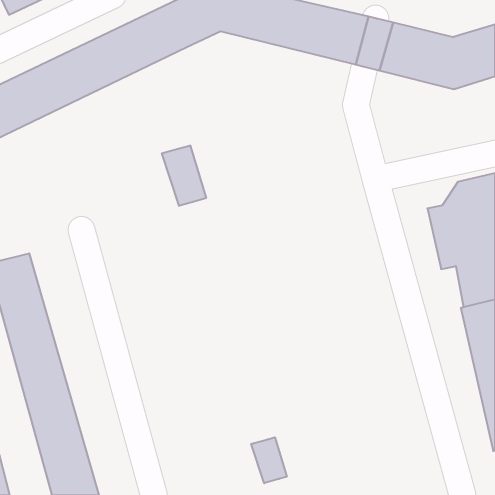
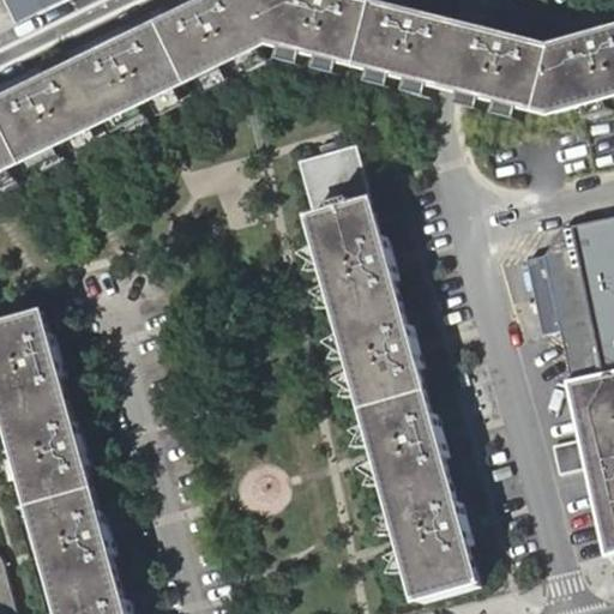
building: none -> [294,144,482,600]
building: [162,145,206,206] -> none
building: [251,437,287,483] -> none

